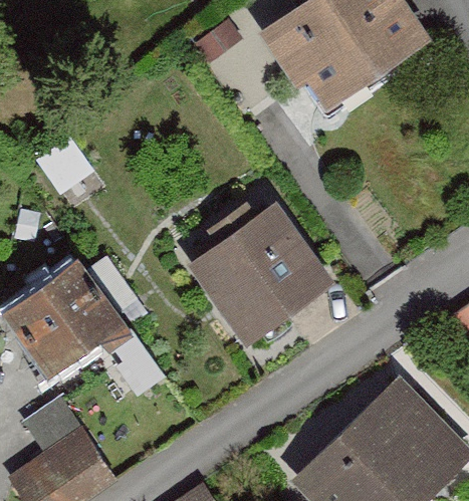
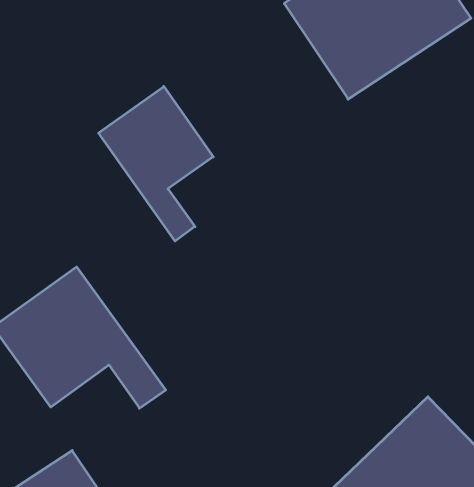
building: none -> [99,86,213,241]
building: [192,206,330,343] -> none

